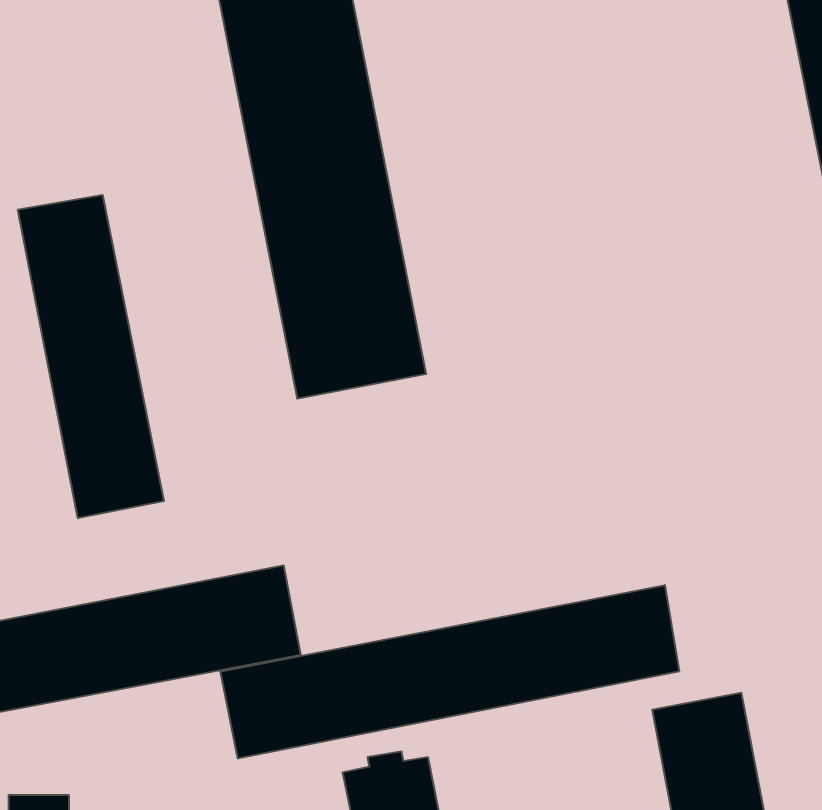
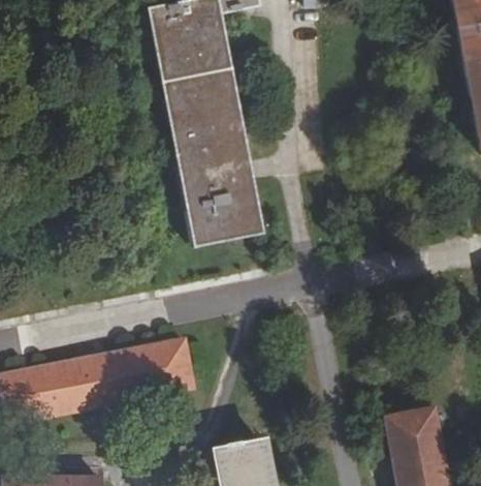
building: [18,195,164,518] -> none
building: [221,585,679,759] -> none

